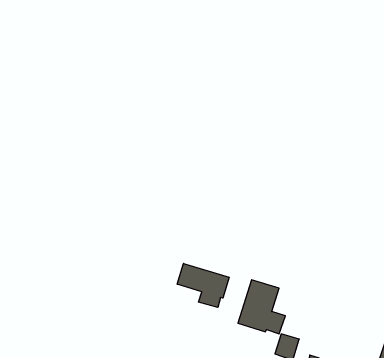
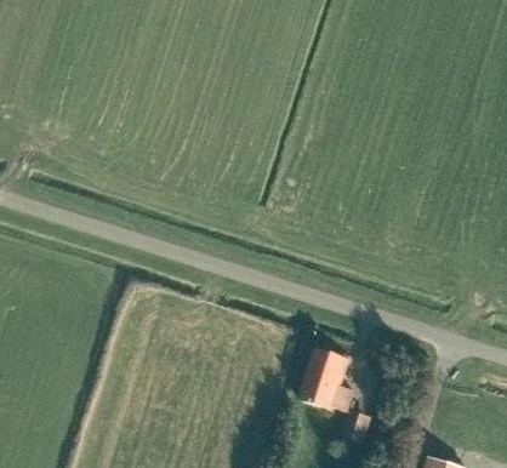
building: [177,263,229,307] -> none

